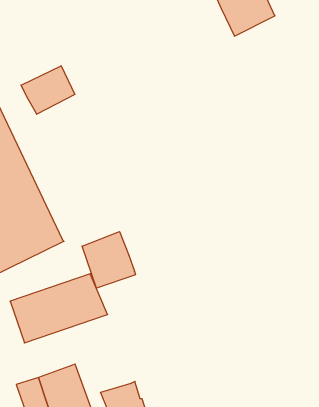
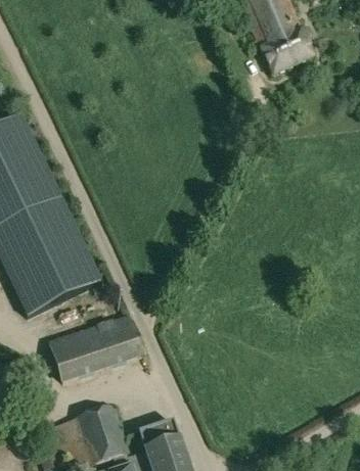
building: [21,66,75,114] -> none
building: [82,232,136,288] -> none

